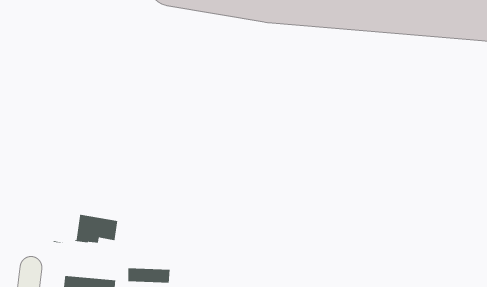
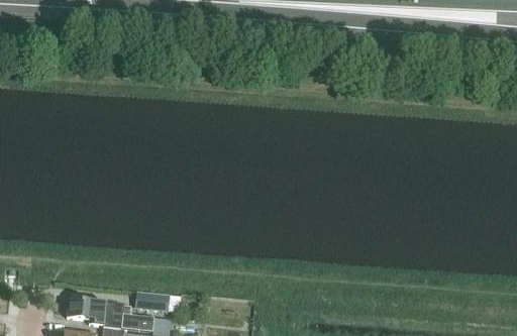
building: [53,214,118,247] -> none

